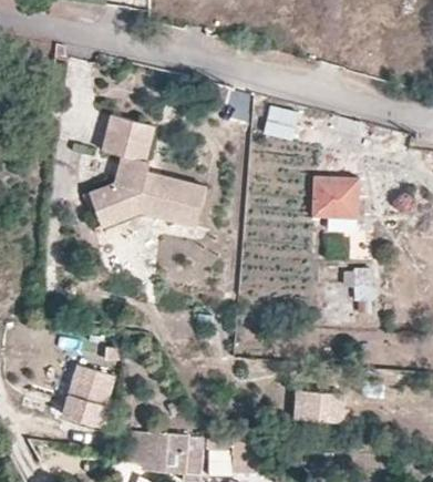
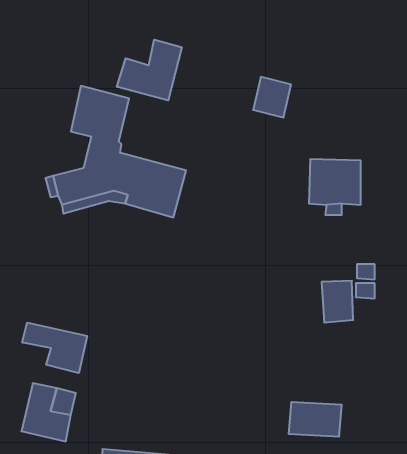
building: none -> [117,40,182,100]
building: none -> [22,323,87,373]

